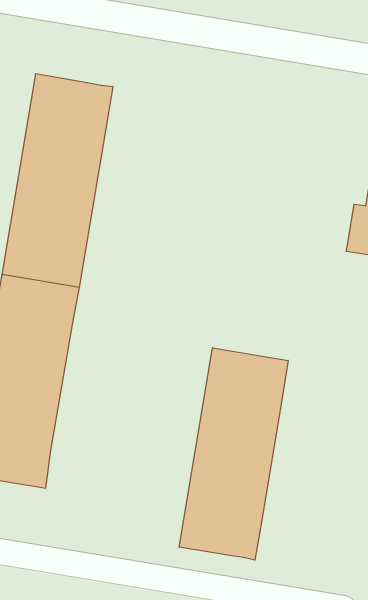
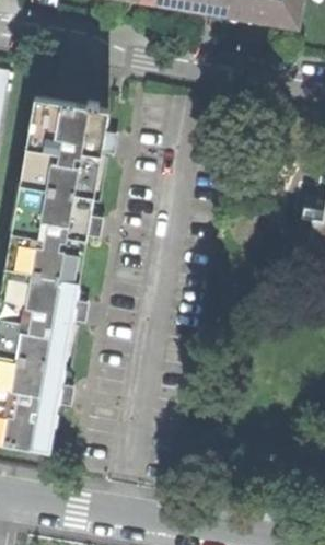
building: [179,348,288,560] -> none

